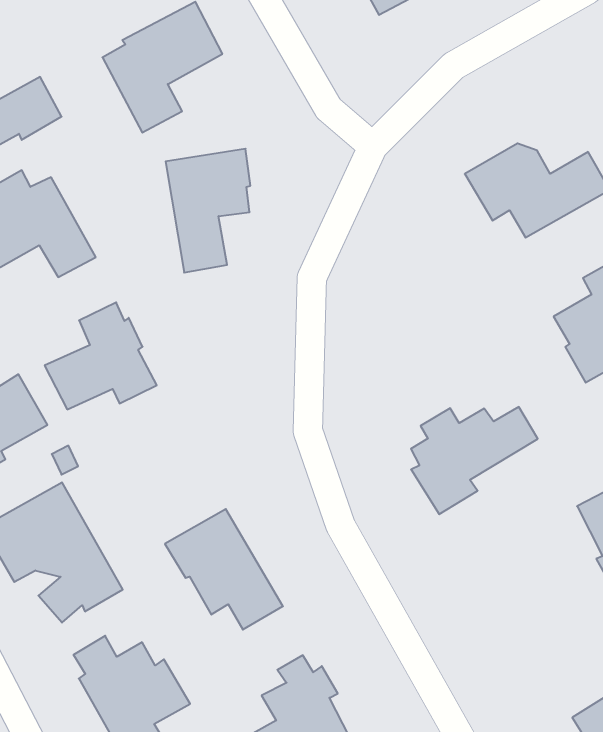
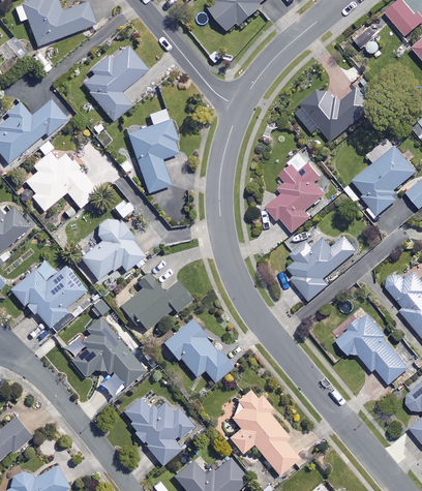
building: none -> [267,152,325,232]
building: none -> [121,273,191,330]
building: none -> [336,312,409,382]

